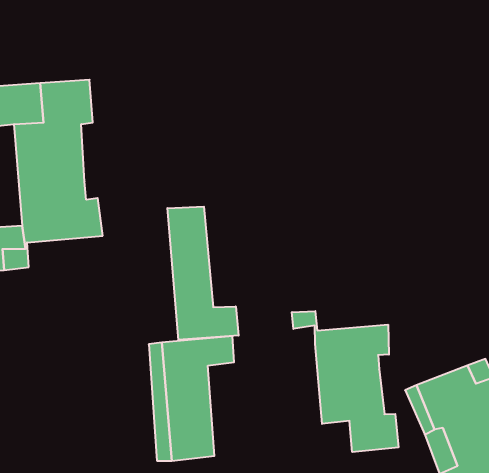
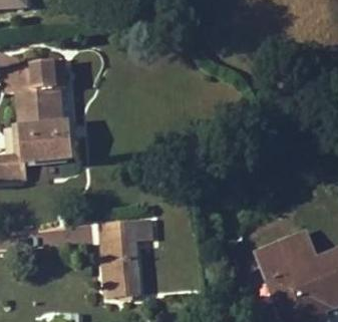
building: [167,207,239,340] -> none
building: [292,311,398,452] -> none

